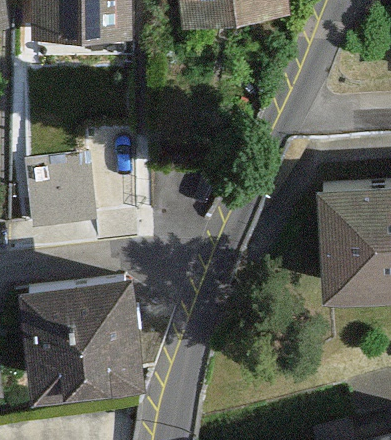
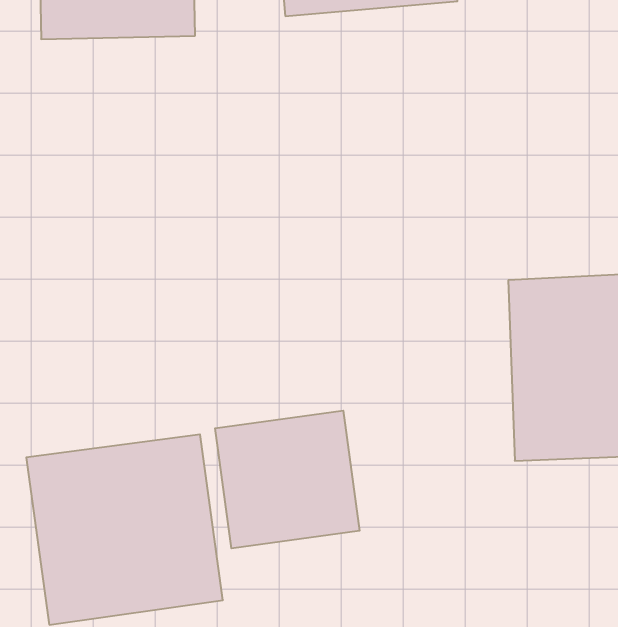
building: [30,150,94,214] -> none
building: none -> [215,411,360,548]

